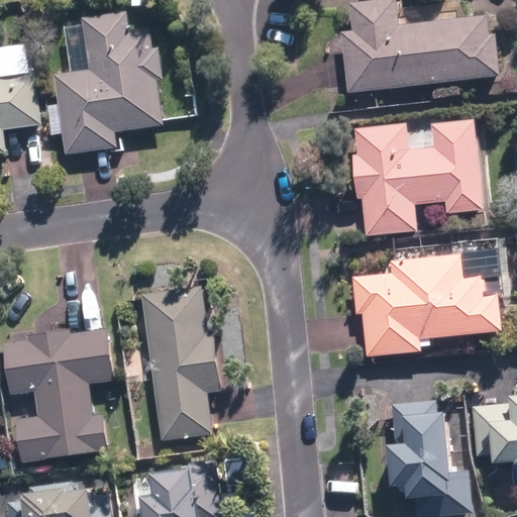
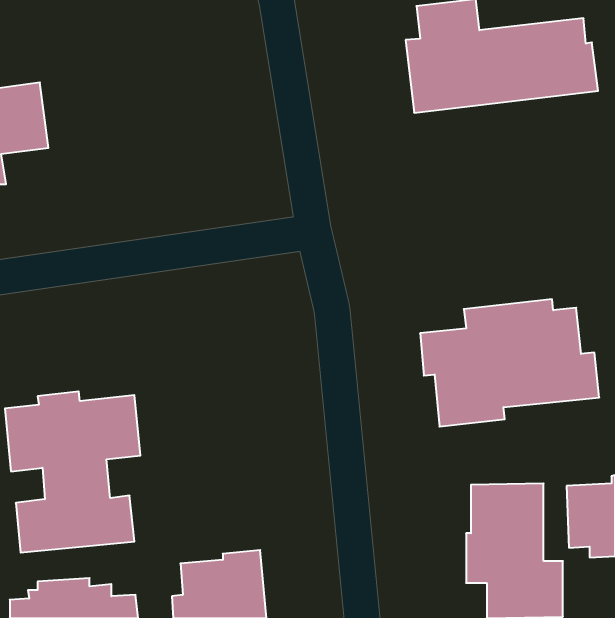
building: [44,10,164,153] -> none
building: [352,121,484,235] -> none
building: [141,287,224,440] -> none

